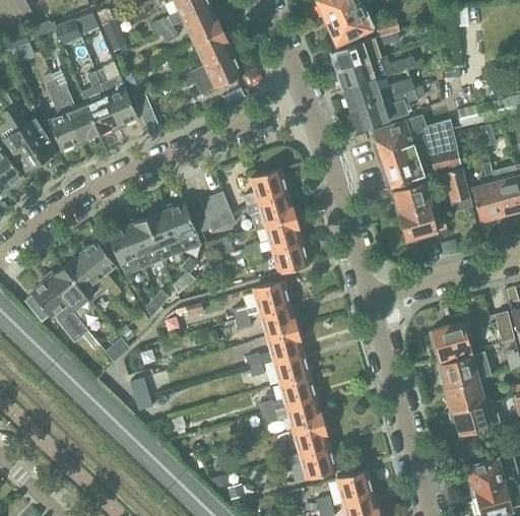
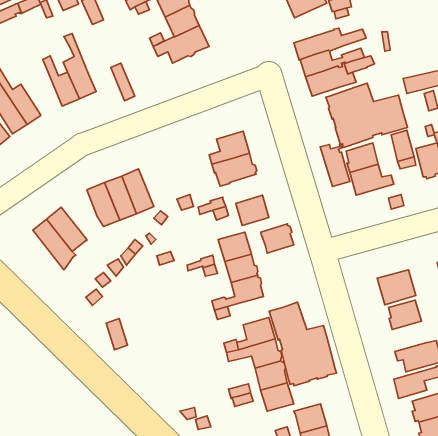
building: [330,39,381,72] -> none
building: [95,69,137,126] -> none
building: [47,82,80,150] -> none
building: none -> [320,145,350,187]
building: [200,192,235,233] -> none
building: [165,203,201,253] -> none
building: [265,217,302,250] -> [261,224,294,253]
building: [79,241,121,299] -> none
building: [30,279,91,341] -> none
building: [273,352,309,384] -> none
building: none -> [269,302,337,386]
building: [445,380,483,412] -> none

